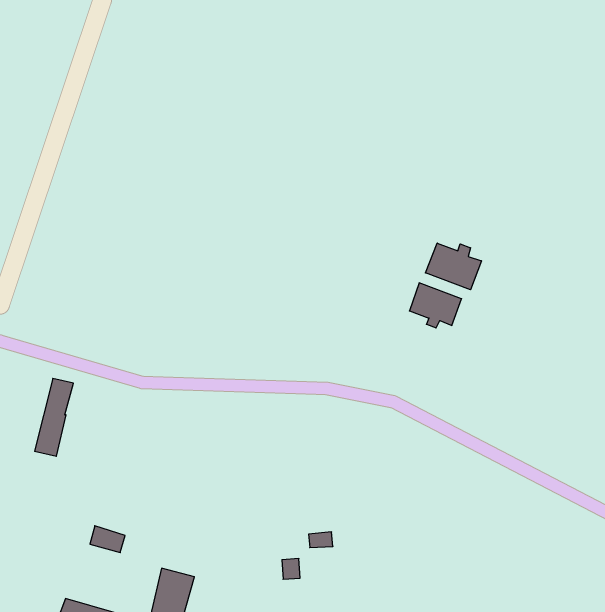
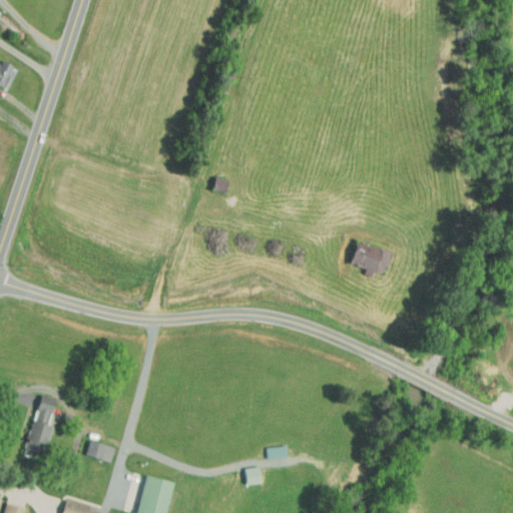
building: [425,243,481,290] -> none
building: [35,378,73,456] -> [25,396,57,460]

